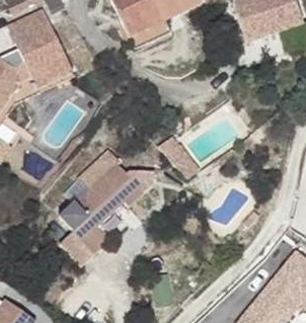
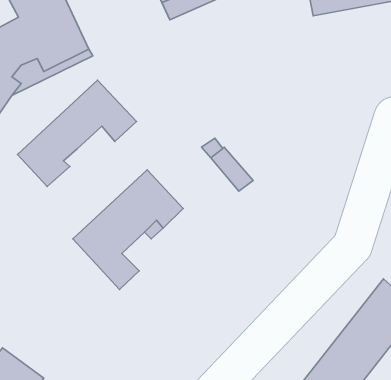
building: none -> [17,80,136,187]

